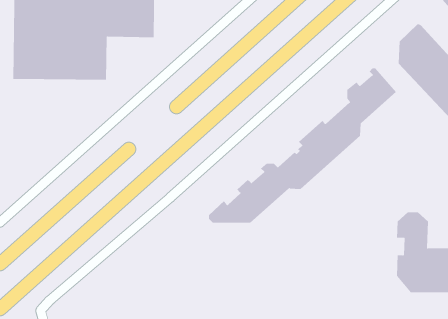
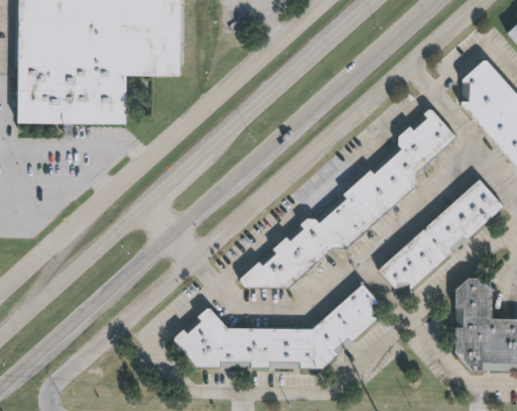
building: none -> [379,179,505,289]
building: none -> [174,281,380,367]

